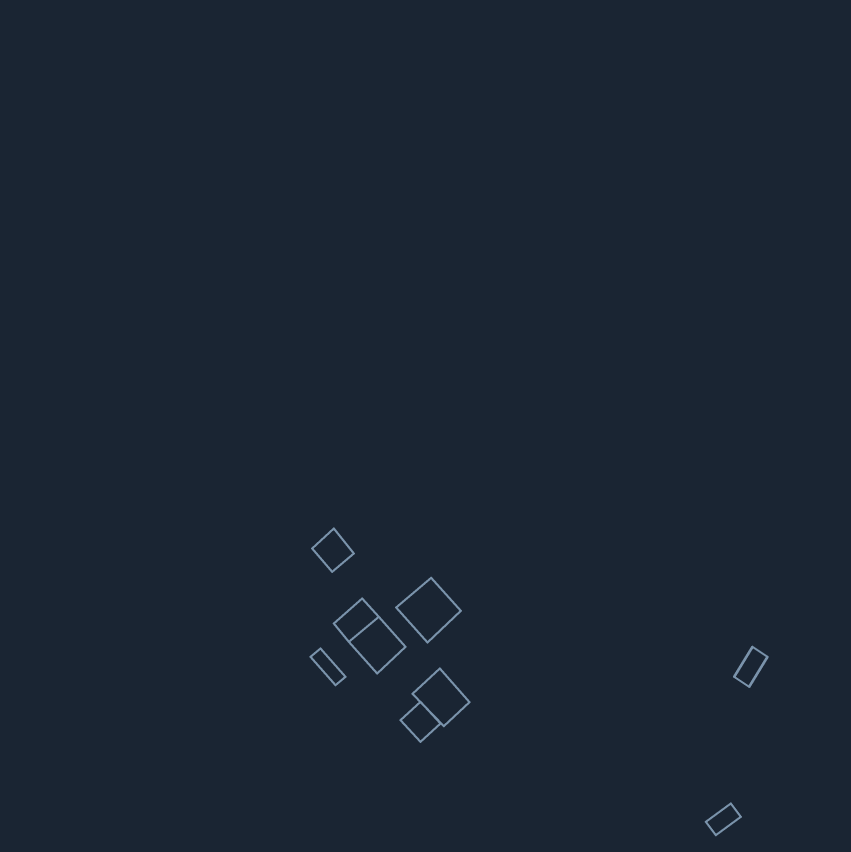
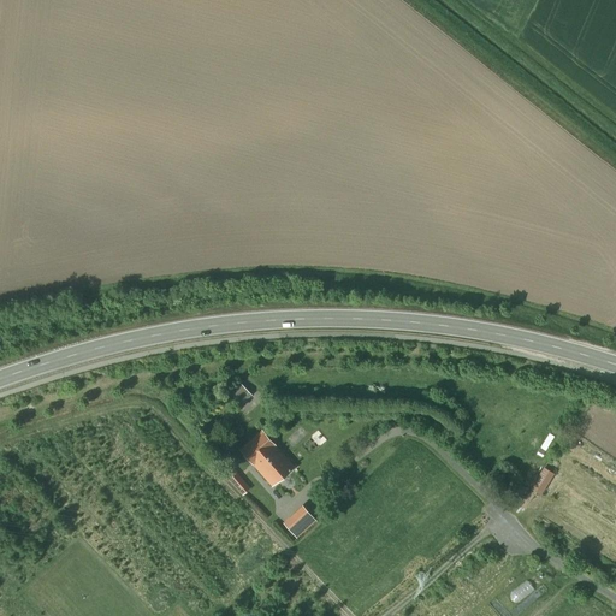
building: [396,578,461,642] -> none
building: [412,669,470,726] -> none

